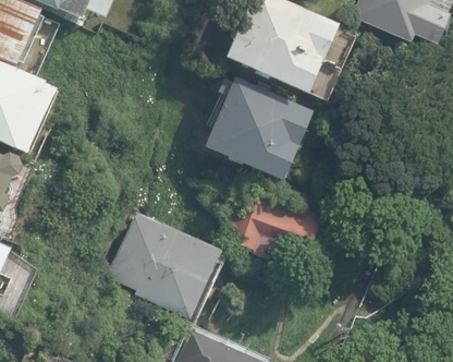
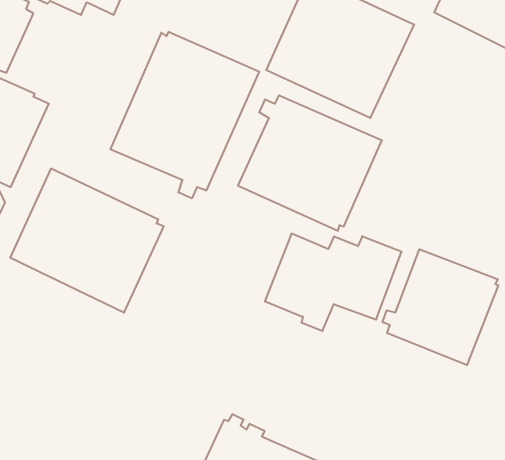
building: none -> [111,32,259,198]
building: none -> [382,249,498,365]
building: [106,212,224,323] -> [10,169,164,313]

